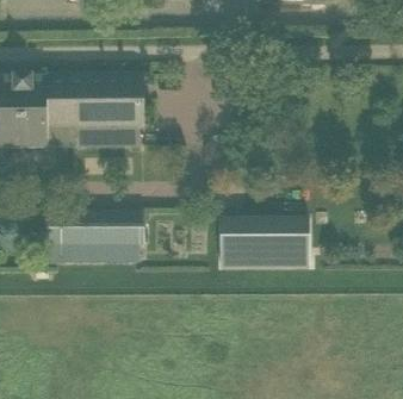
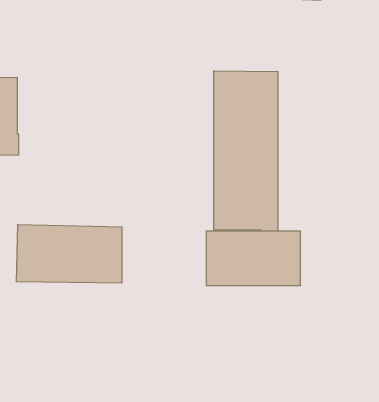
building: none -> [214,71,278,231]
building: [48,74,144,146] -> none

